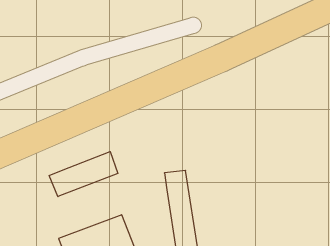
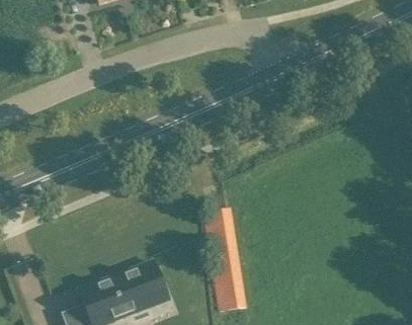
building: [49,152,118,197] -> none

